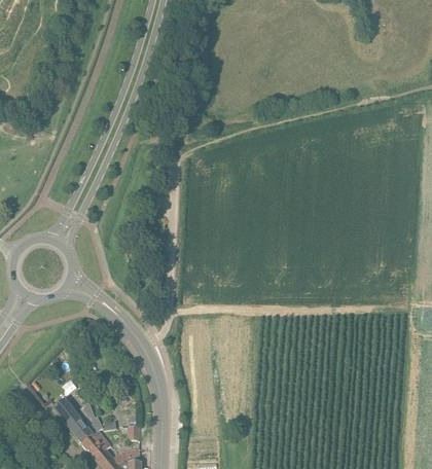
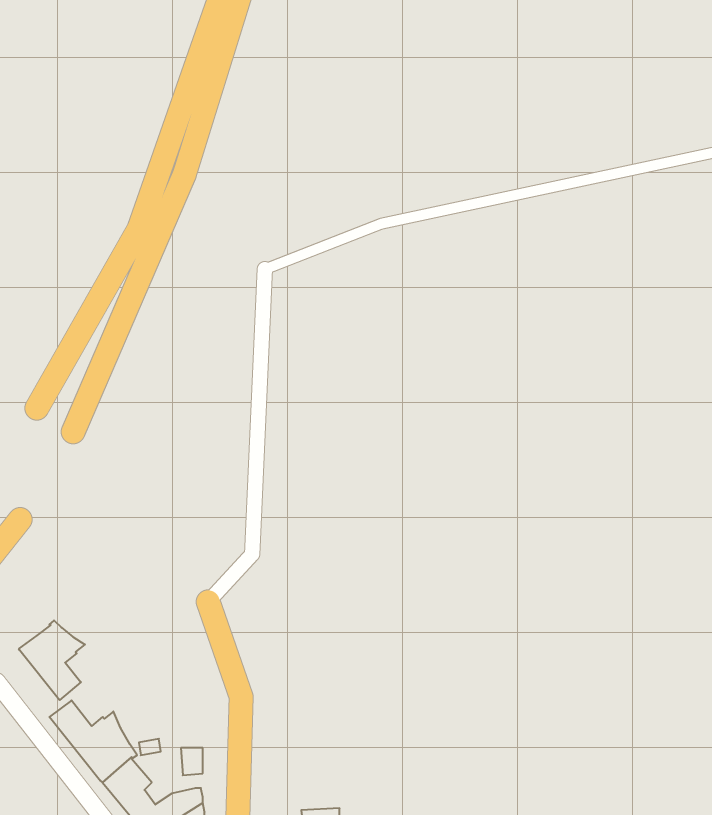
building: none -> [19,620,85,700]

